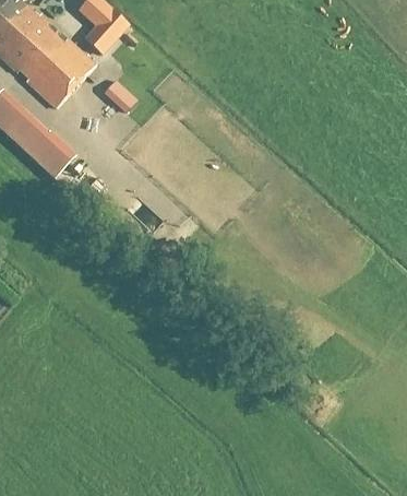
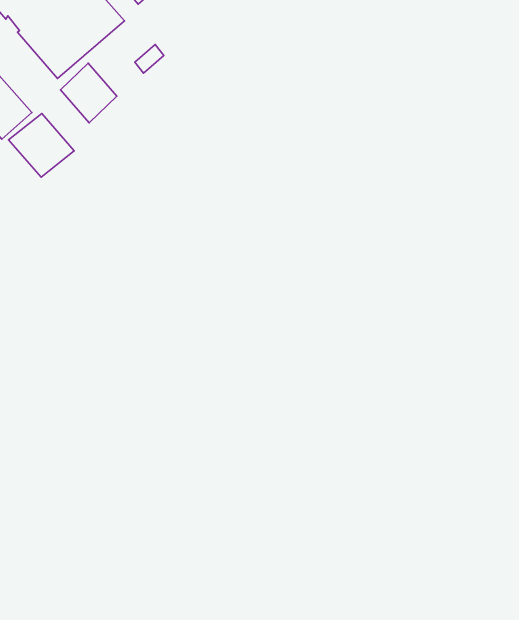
building: none -> [60,63,117,123]

